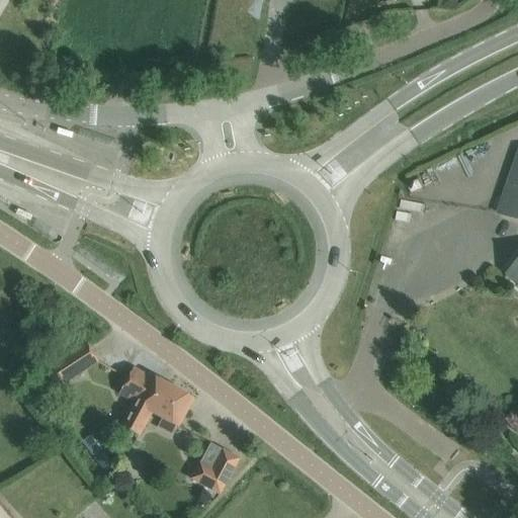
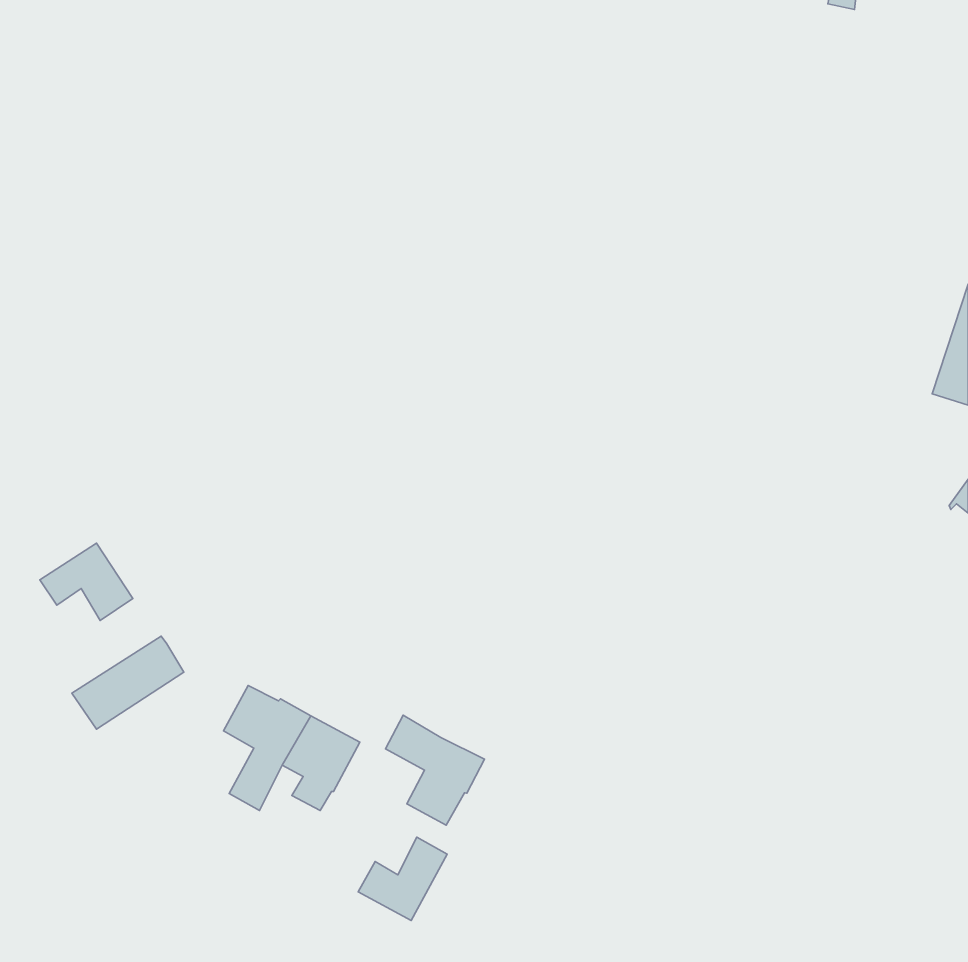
building: none -> [40,543,133,620]
building: none -> [385,715,485,825]

